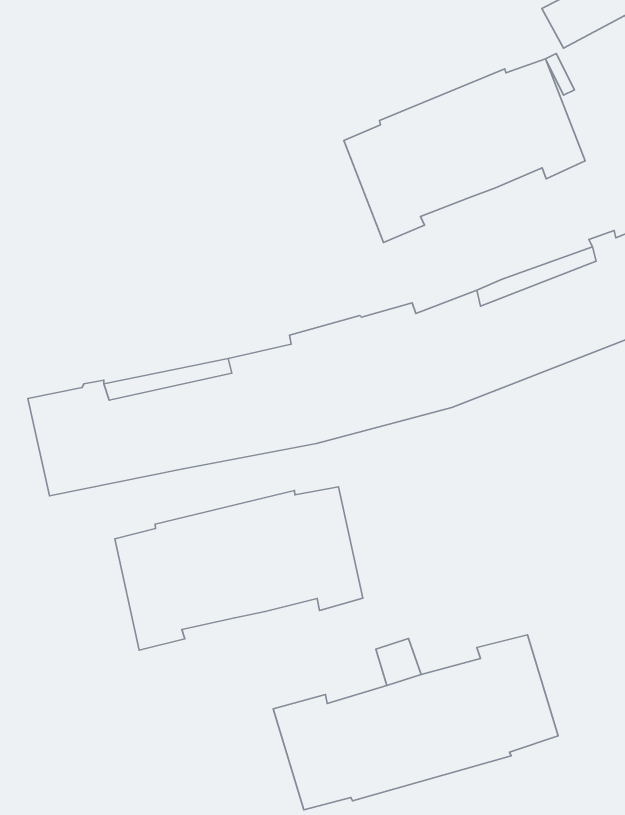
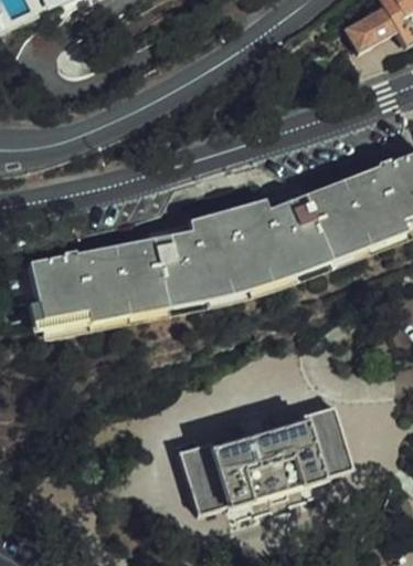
building: [344,59,585,242] -> none
building: [115,487,363,650] -> none

